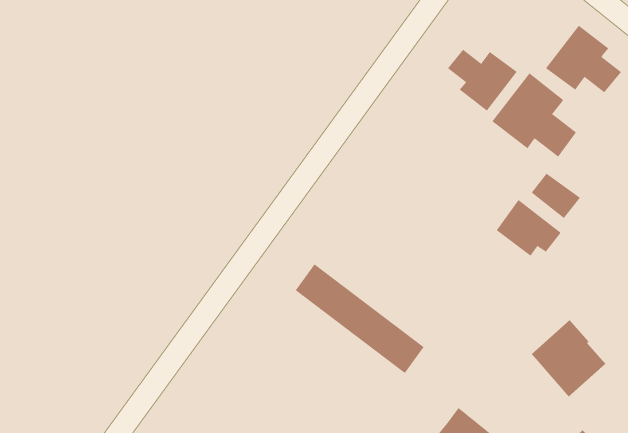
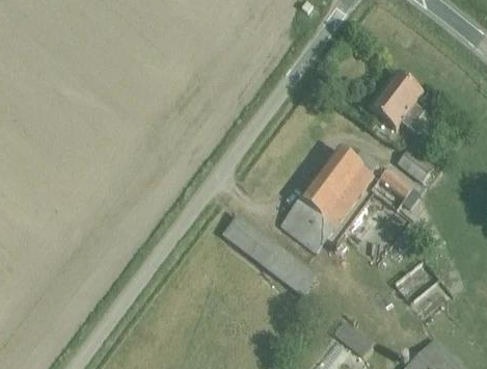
building: [545,25,622,93] -> none
building: [447,49,517,111] -> none
building: none -> [279,150,376,253]

